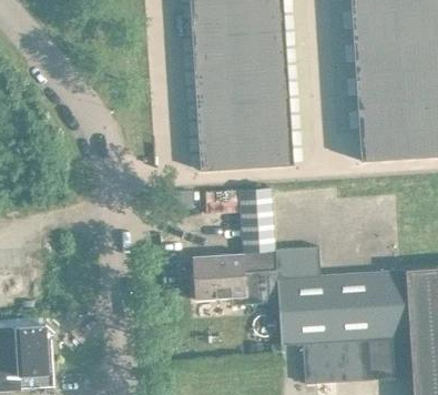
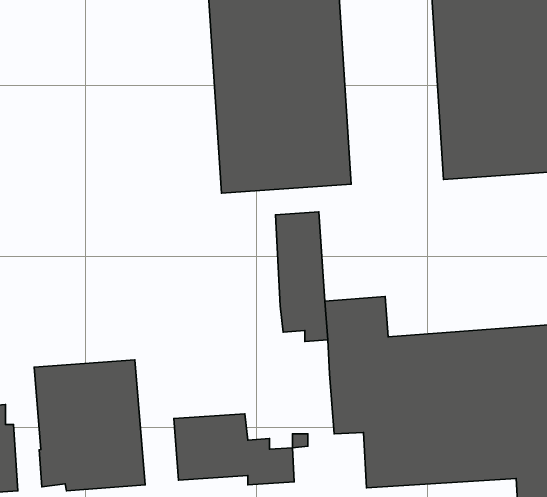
building: [192,253,278,304] -> [174,414,294,485]
building: none -> [34,360,145,491]

